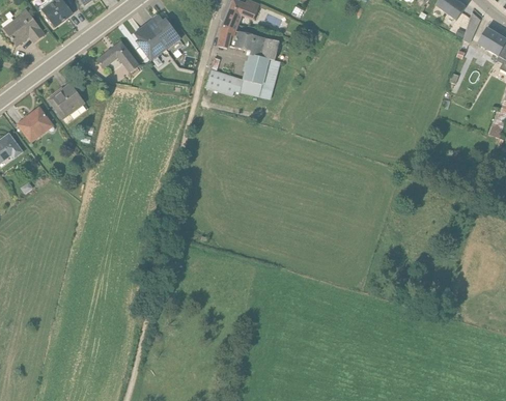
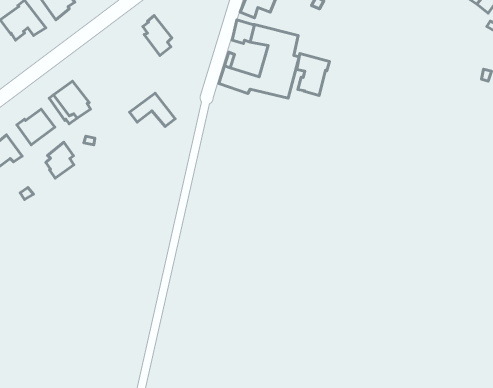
building: [145,15,180,48] -> none
building: [96,40,139,71] -> [129,93,175,127]
building: none -> [297,53,330,96]
building: none -> [46,142,74,178]

